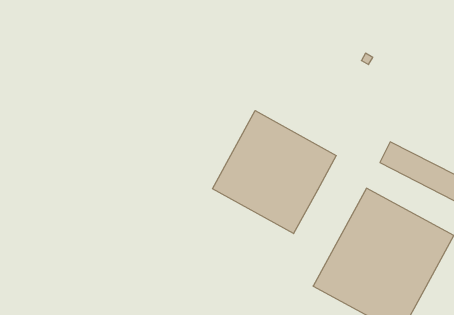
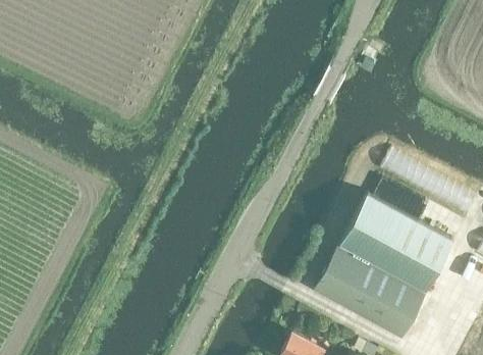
building: [213,111,336,234] -> none

